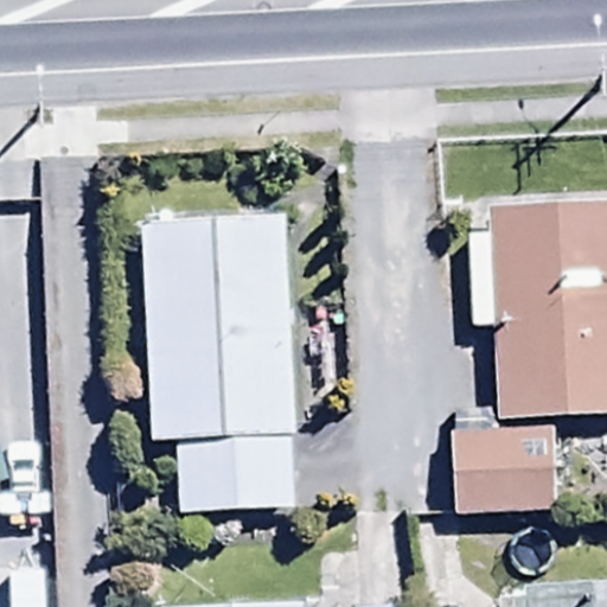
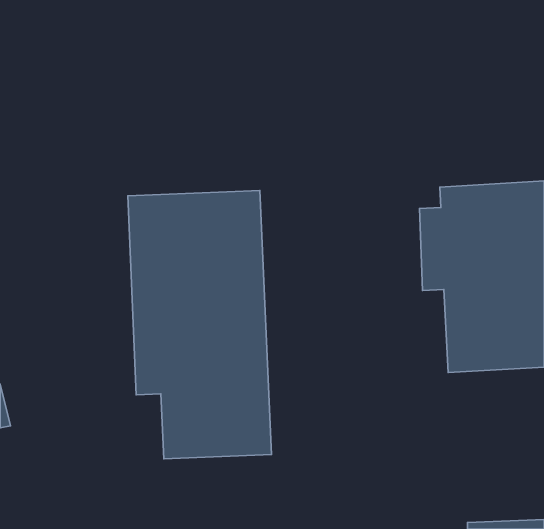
building: [447,423,558,513] -> none

